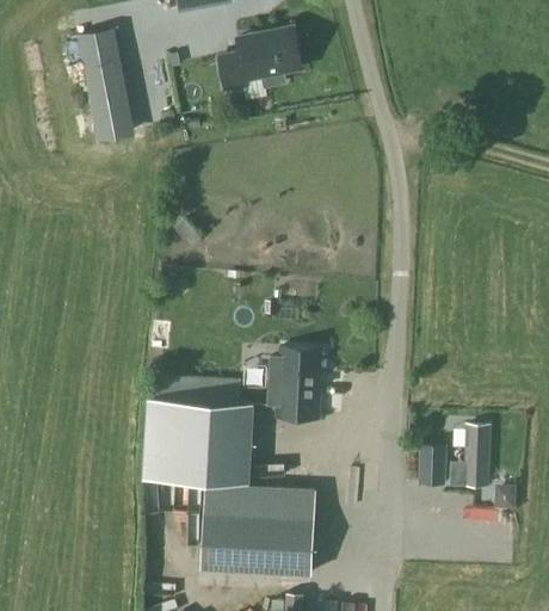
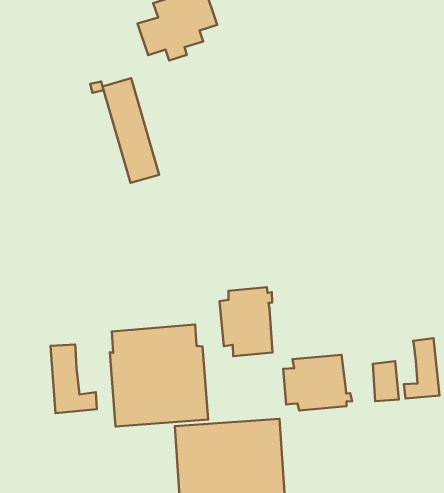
building: [80,29,128,138] -> [103,78,159,183]
building: none -> [50,344,97,413]
building: none -> [283,355,352,411]

